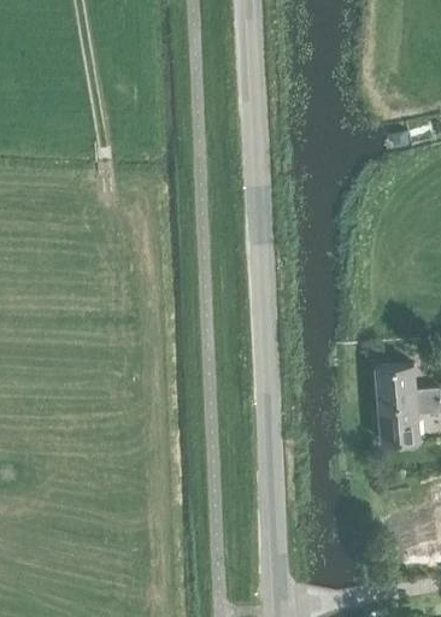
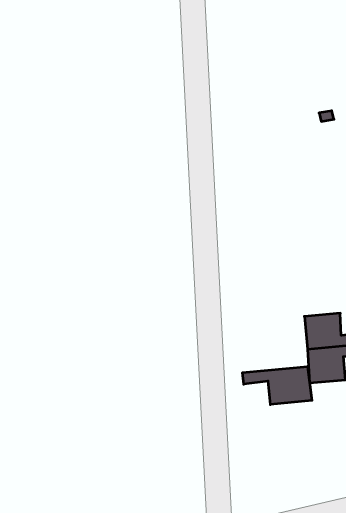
building: none -> [243,366,312,405]

